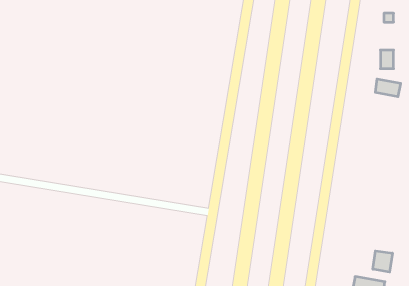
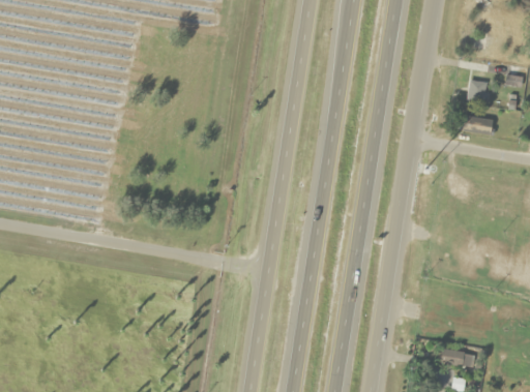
building: [373,251,392,272] -> none

